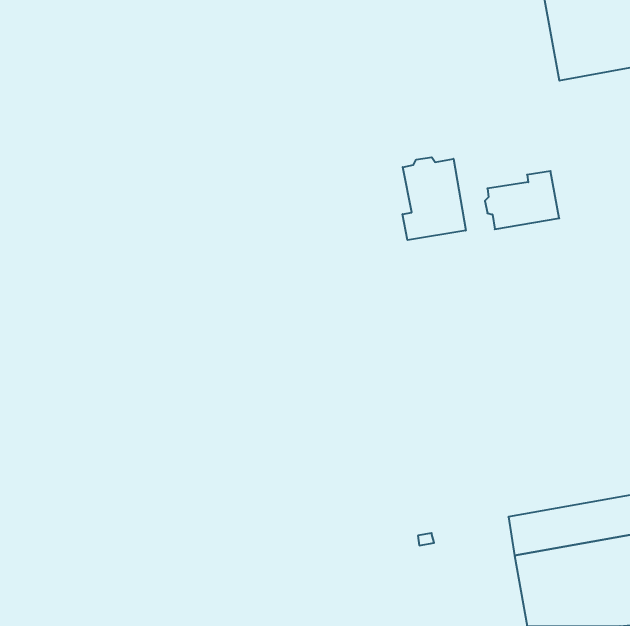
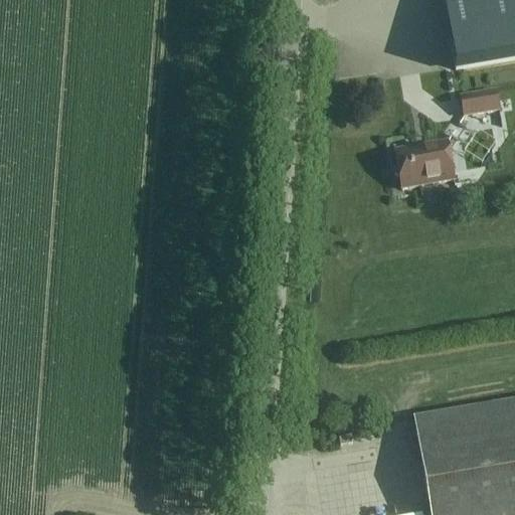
building: none -> [463,88,502,114]
building: [403,157,466,240] -> none

